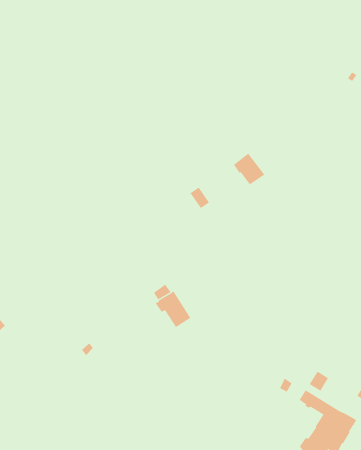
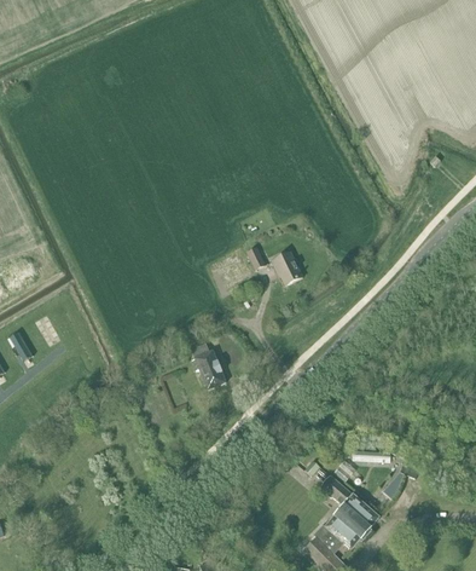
building: [233,153,265,185] -> [271,250,302,284]

